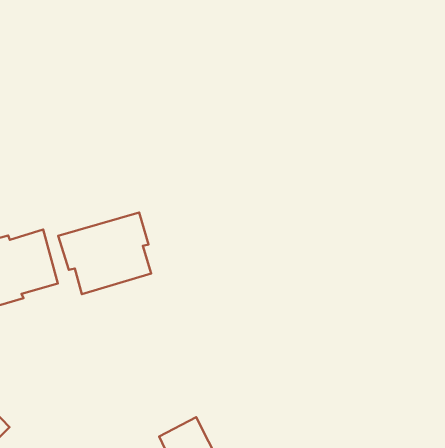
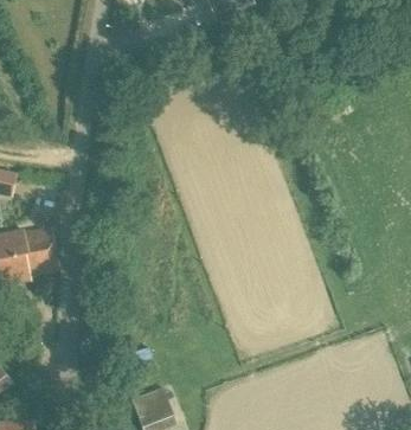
building: [58,212,151,294] -> none

